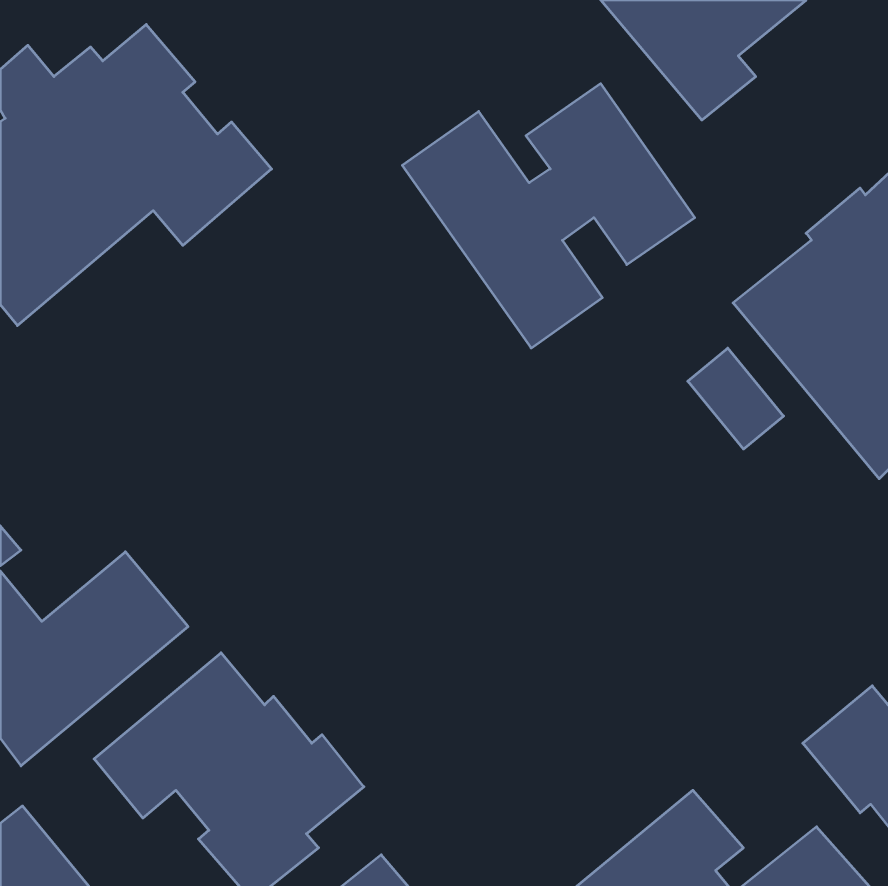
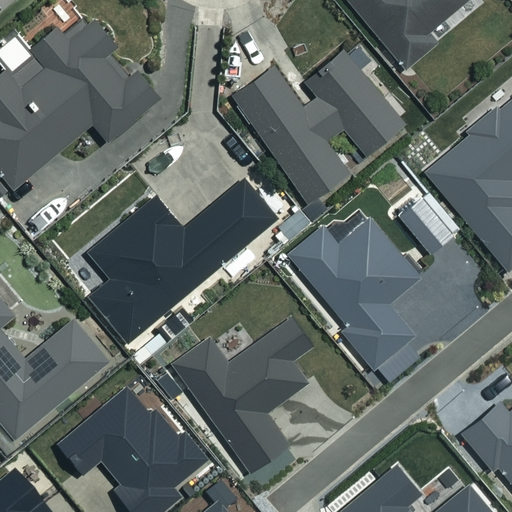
building: none -> [86,180,277,344]
building: none -> [285,222,419,388]
building: none -> [173,311,316,468]

